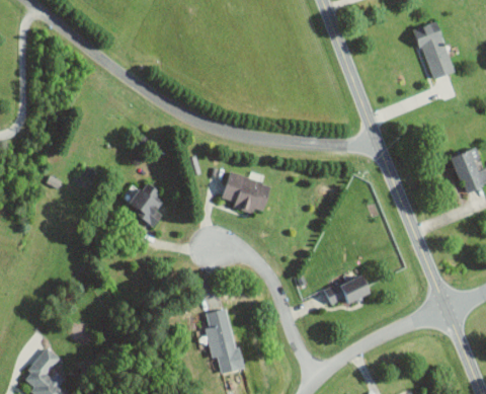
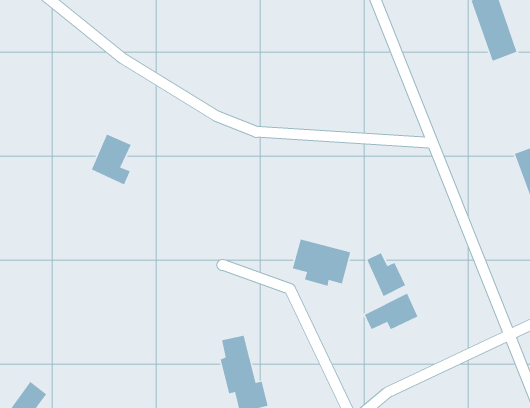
building: [222,173,271,214] -> [292,239,351,287]
building: [128,182,162,226] -> [91,133,132,185]
building: none -> [366,252,406,297]

